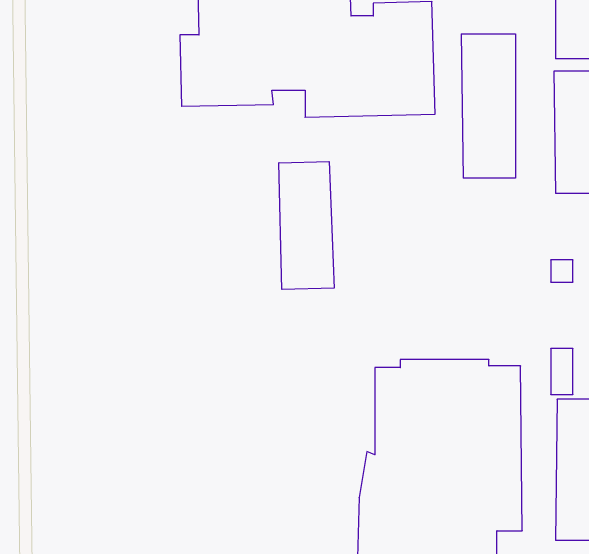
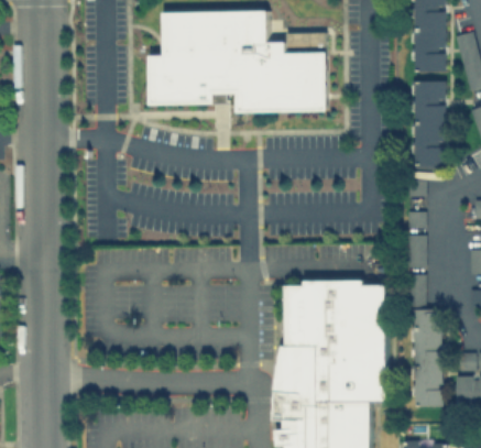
building: [461,34,515,178] -> none
building: [279,162,334,289] -> none
building: none -> [407,233,424,266]

